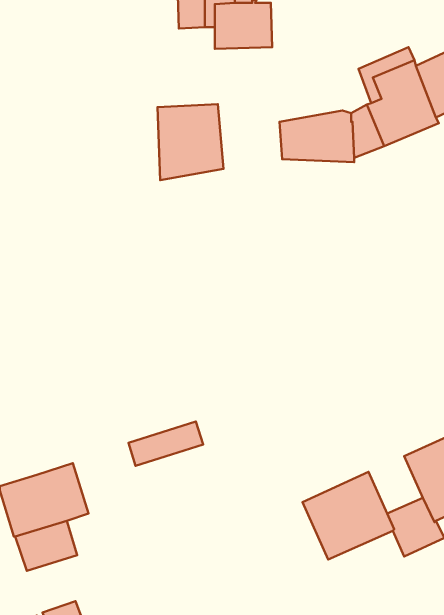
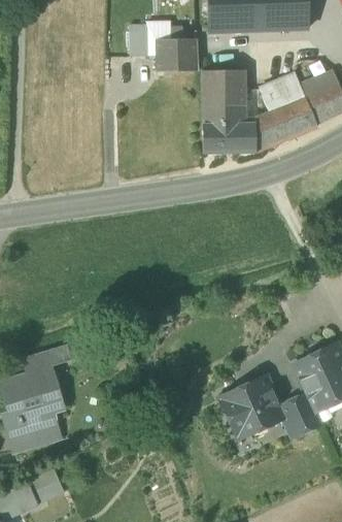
building: [157,104,223,180] -> [201,69,248,124]
building: [128,421,203,466] -> [24,346,77,378]

